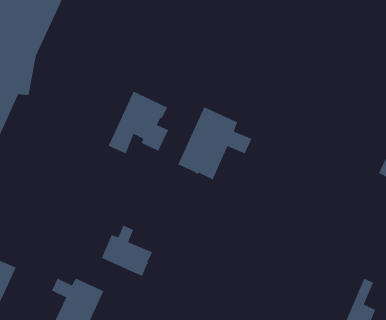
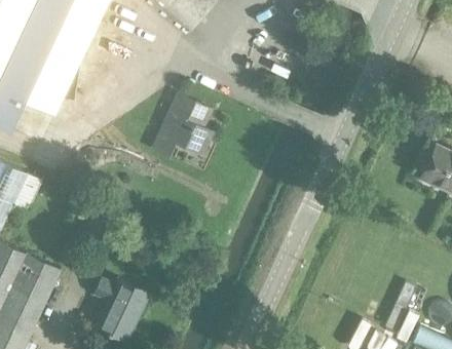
building: [177,106,253,181] -> none
building: [101,224,153,277] -> none

